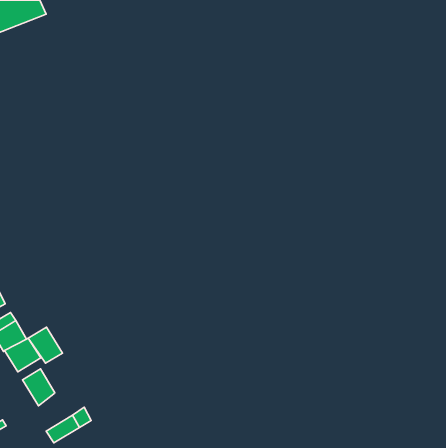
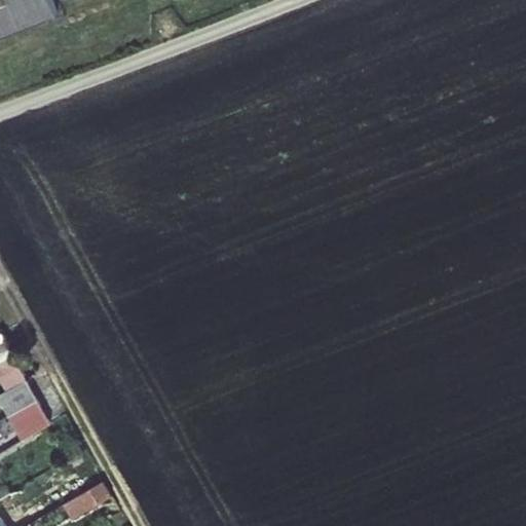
building: [28,327,63,363] -> none
building: [23,369,55,406] -> none

